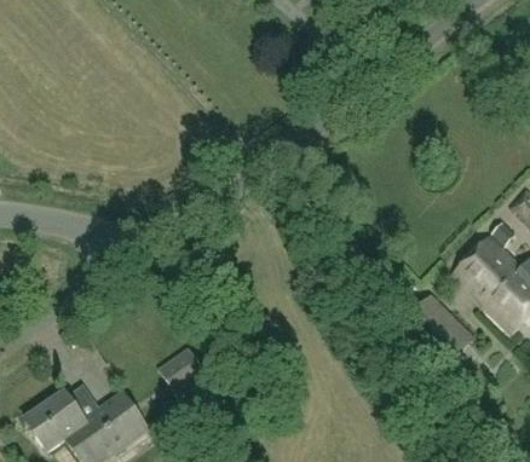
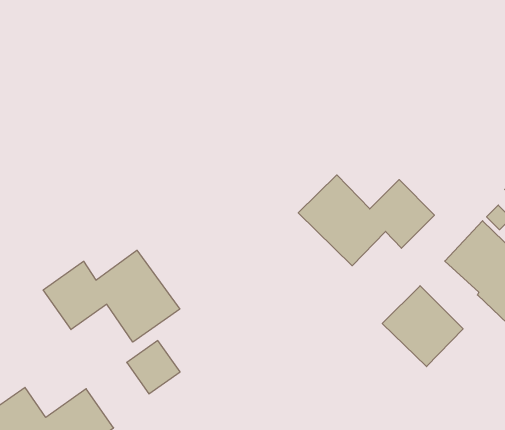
building: none -> [298,175,434,266]
building: none -> [43,250,180,342]

